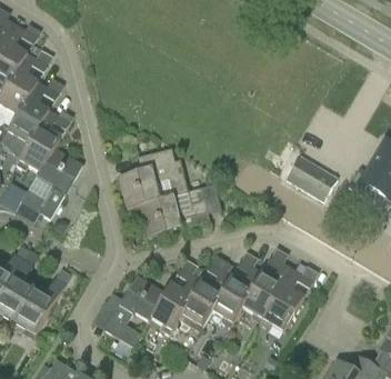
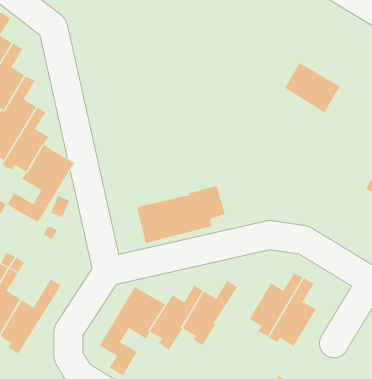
building: [287,157,338,203] -> [285,62,341,113]
building: [119,159,188,208] -> none
building: [211,266,262,326] -> none

